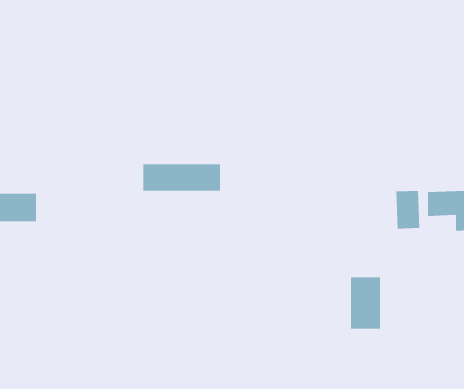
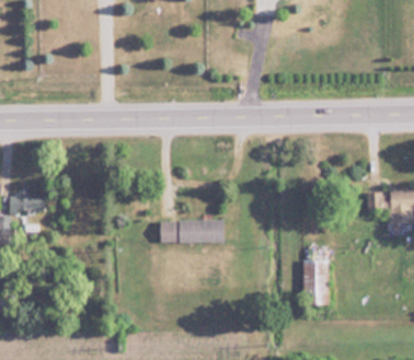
building: [142,164,221,192] -> [159,220,223,243]
building: [396,190,420,229] -> none

